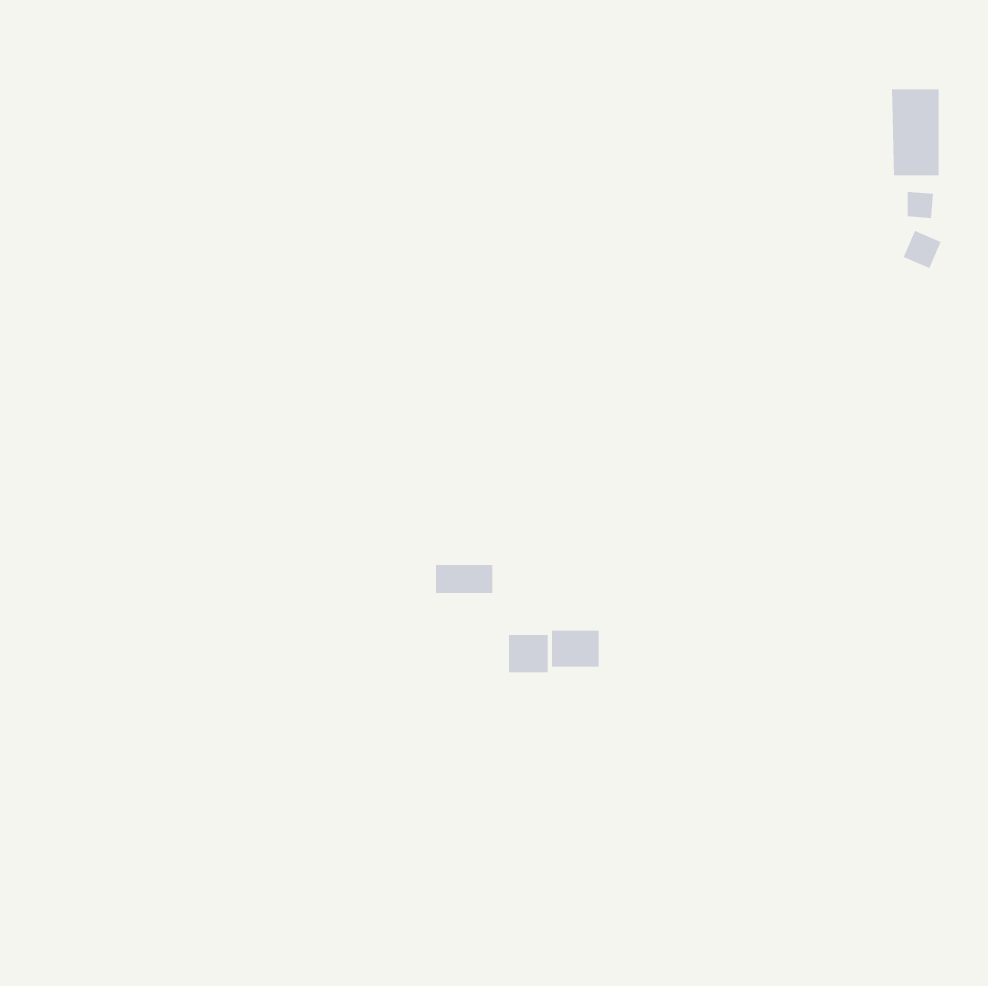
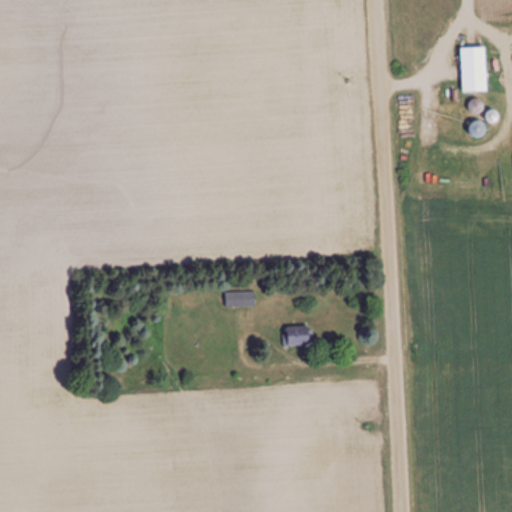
building: [508,634,548,673] -> none

